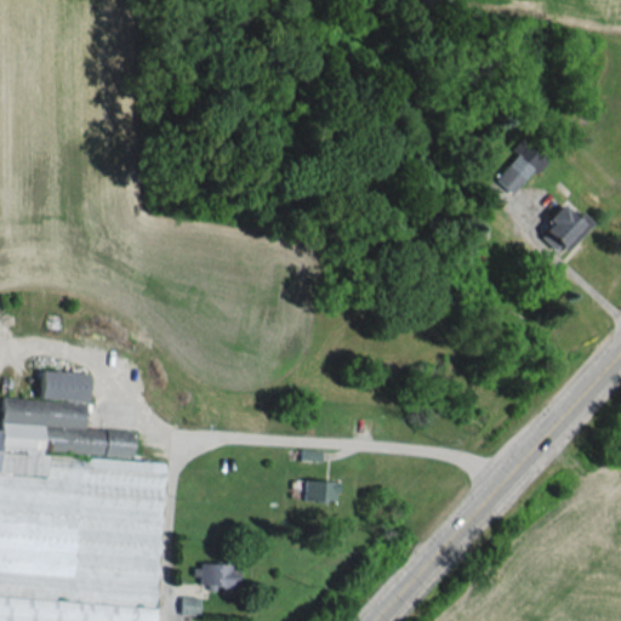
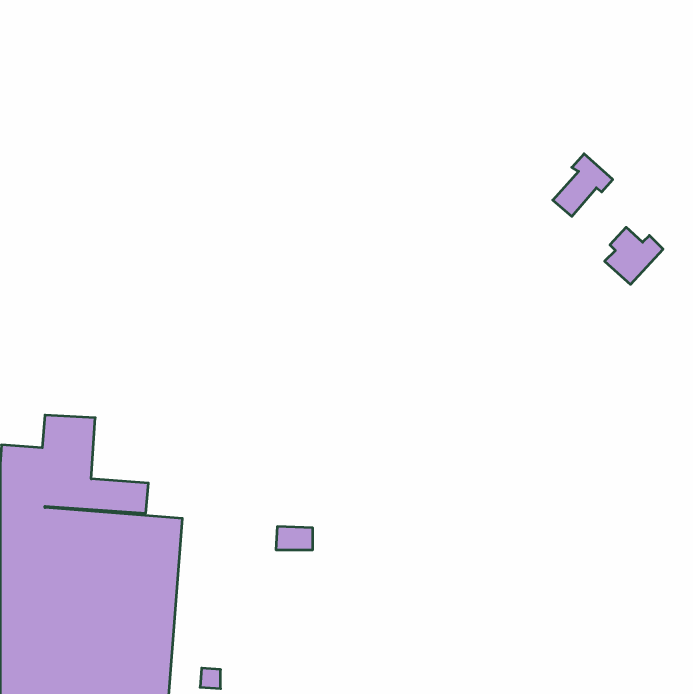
building: [303,480,336,501] -> [276,527,313,550]
building: [196,565,240,586] -> none

